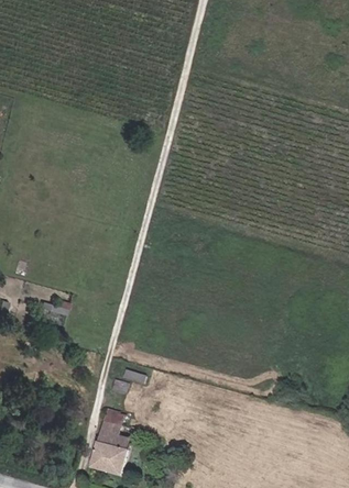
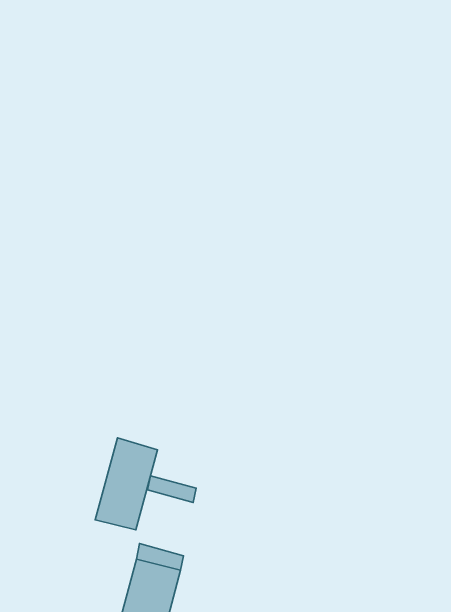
building: none -> [95,438,158,530]

